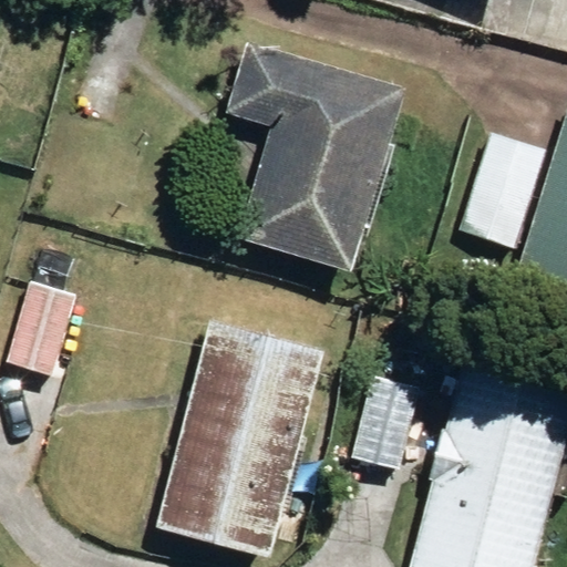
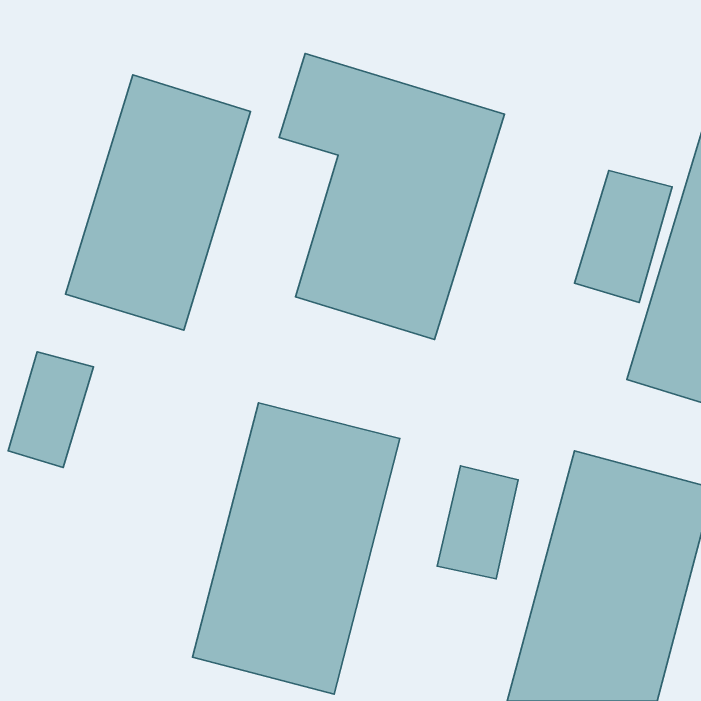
building: none -> [65,75,251,330]

